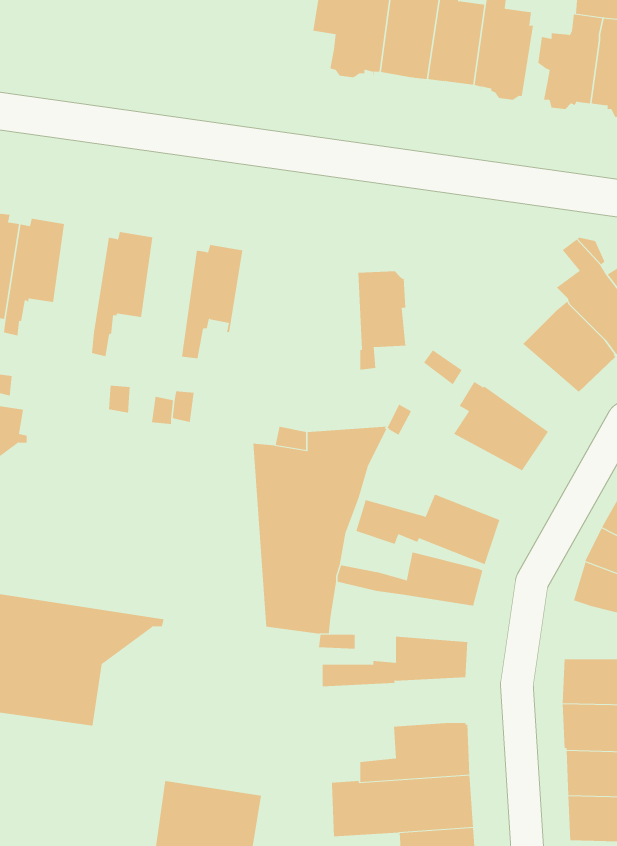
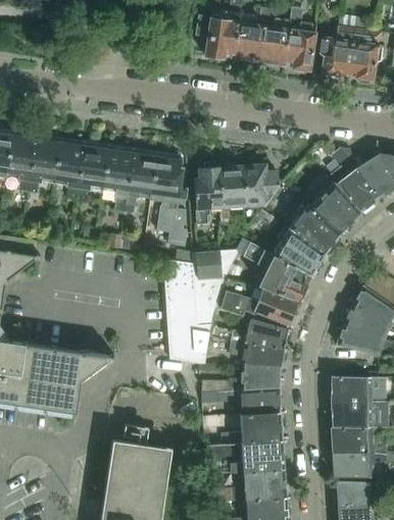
building: none -> [55,141,85,200]
building: none -> [103,148,133,213]
building: none -> [151,155,188,247]
building: none -> [195,163,223,224]
building: none -> [245,166,283,207]
building: none -> [289,201,341,254]
building: none -> [256,249,310,302]
building: none -> [229,341,284,368]
building: none -> [201,387,280,414]

